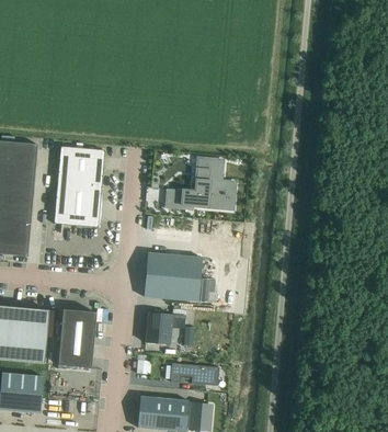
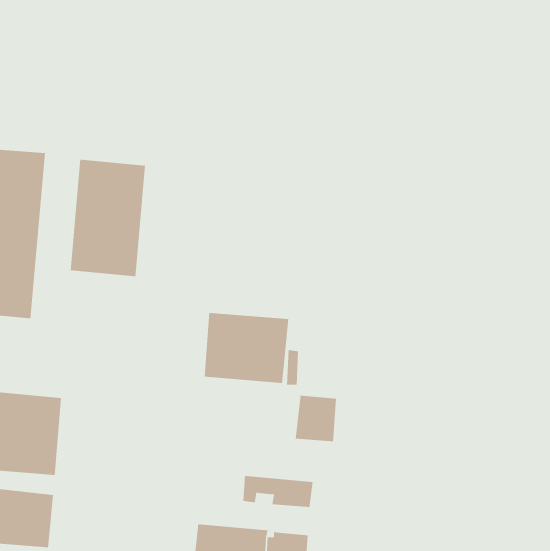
building: [164,158,233,211] -> none
building: [58,309,95,367] -> none
building: [145,311,173,343] -> [295,395,337,442]

